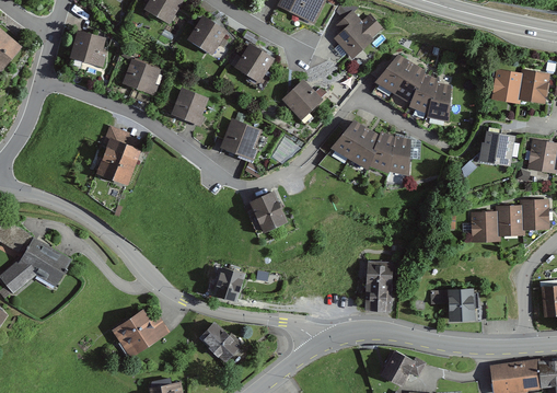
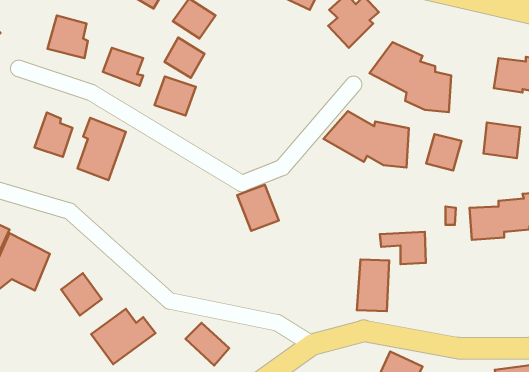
building: [233,43,271,81] -> [164,38,205,78]
building: [280,78,323,120] -> none
building: [221,120,263,160] -> none
building: none -> [34,112,72,157]
building: none -> [426,134,461,170]
building: [212,267,245,303] -> none
building: none -> [61,273,102,315]
building: [429,289,473,320] -> [380,232,426,264]

